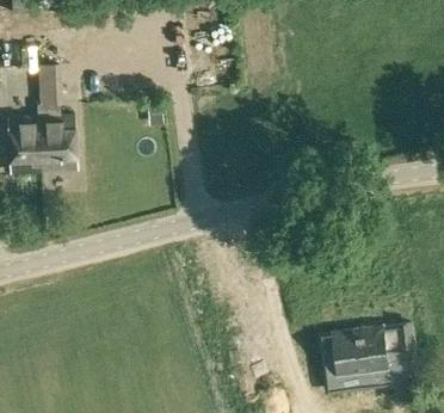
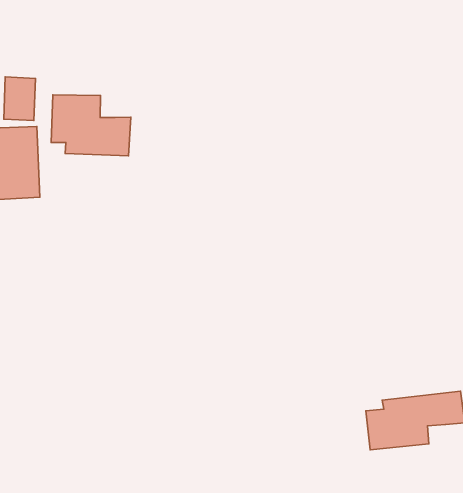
building: none -> [51,95,131,156]

